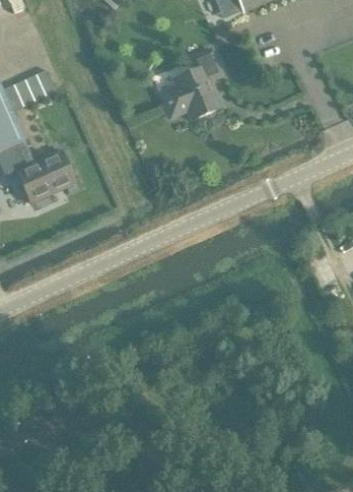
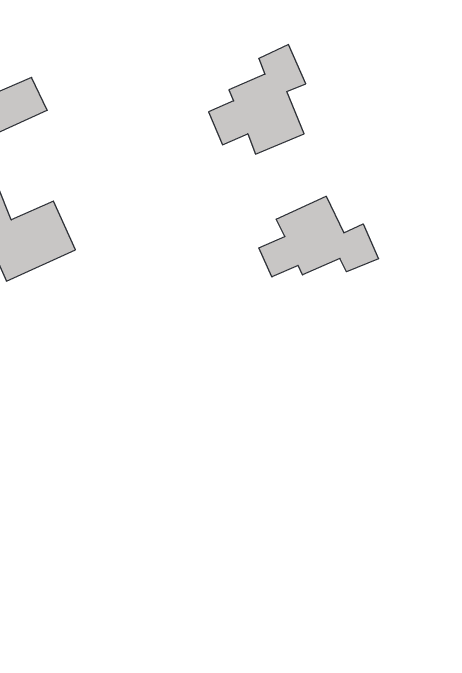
building: none -> [259,196,378,277]

